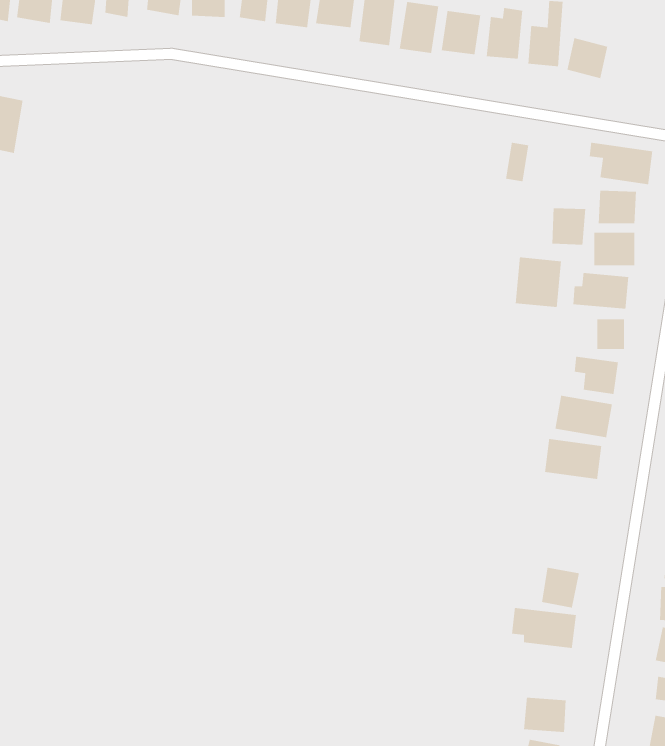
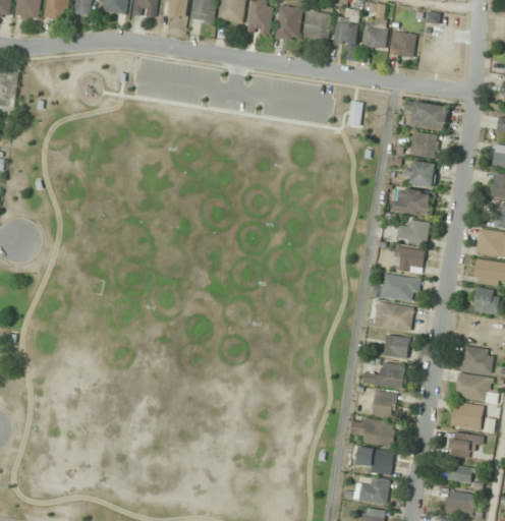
building: [551,207,586,245] -> none
building: [515,257,562,308] -> none
building: none -> [383,334,409,358]
building: none -> [363,362,405,388]
building: none -> [356,447,395,475]

